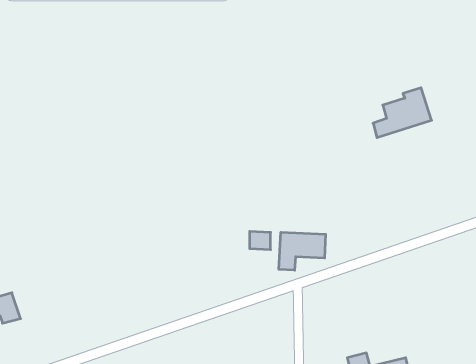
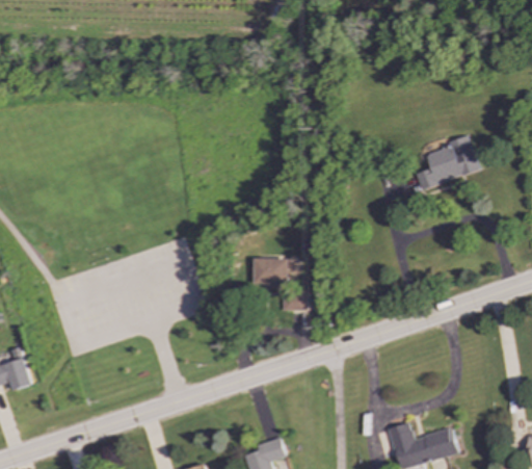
building: none -> [251,258,287,289]
building: [279,232,326,270] -> none

